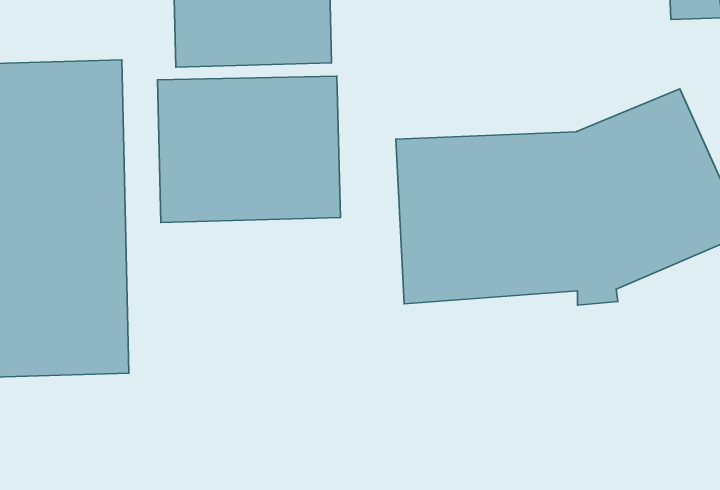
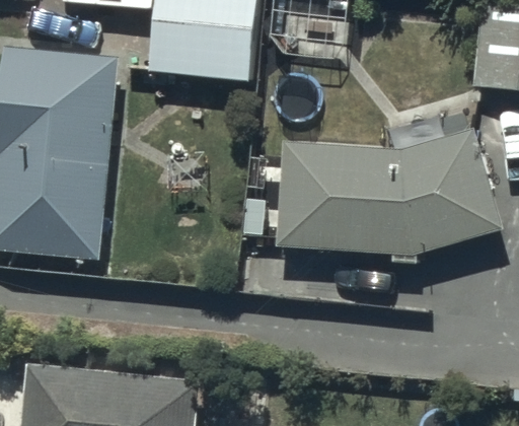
building: [158,76,340,222] -> none

